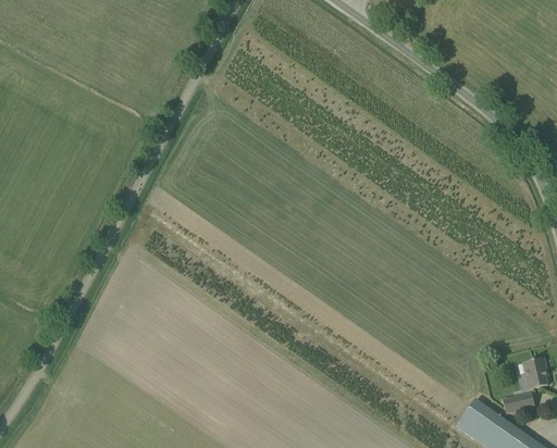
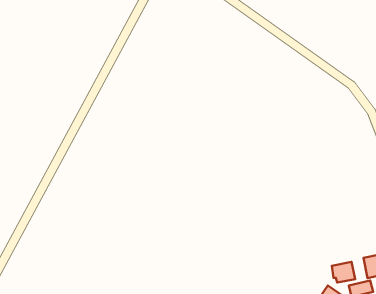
building: none -> [332,262,355,283]

